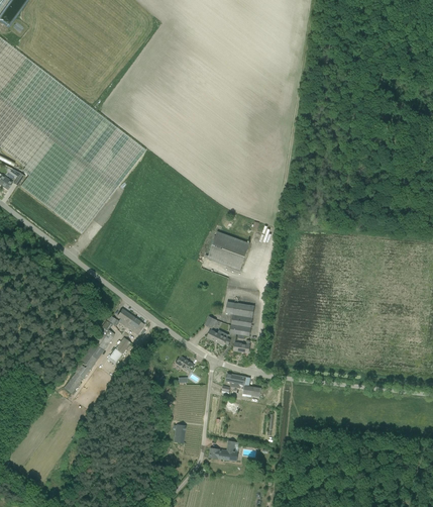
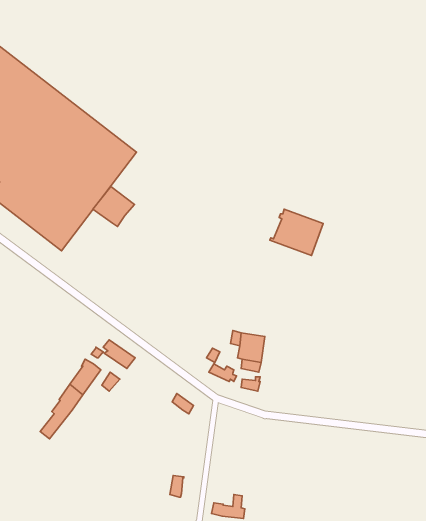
building: none -> [93,186,134,226]
building: [205,230,250,270] -> [270,209,323,256]
building: [225,373,260,398] -> none

